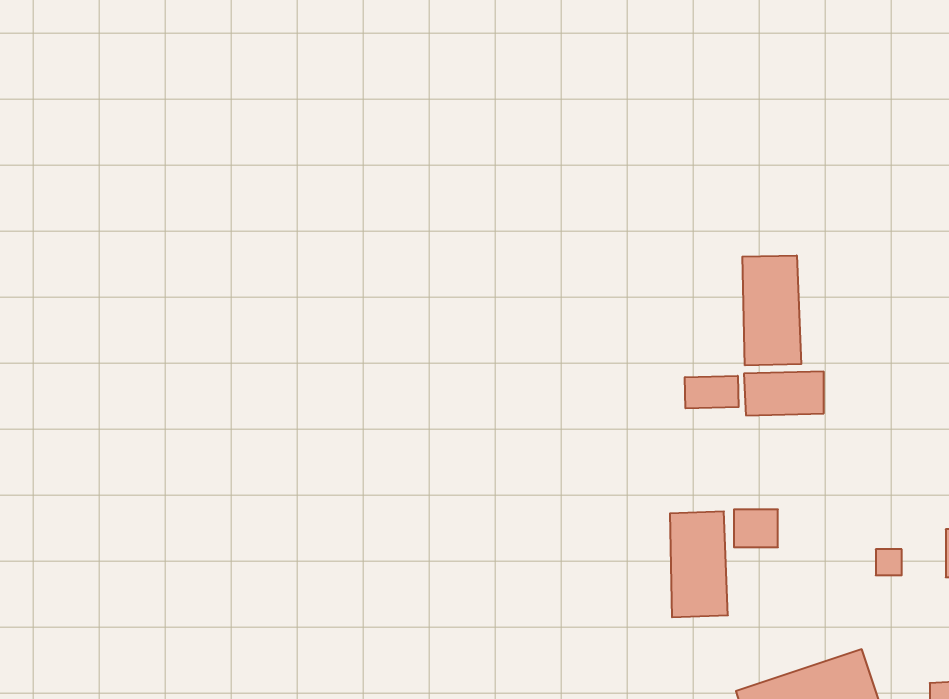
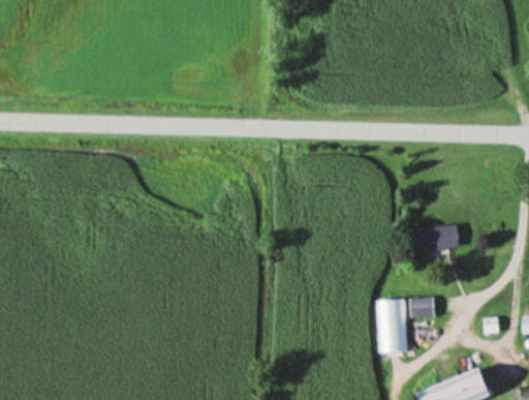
building: [742,255,801,365] -> none
building: [685,376,739,408] -> none

